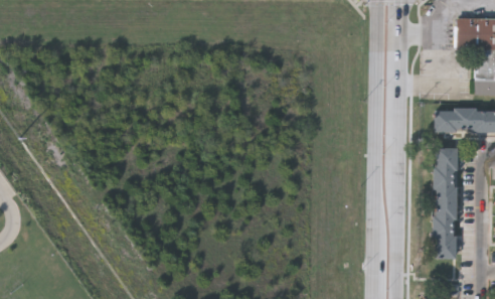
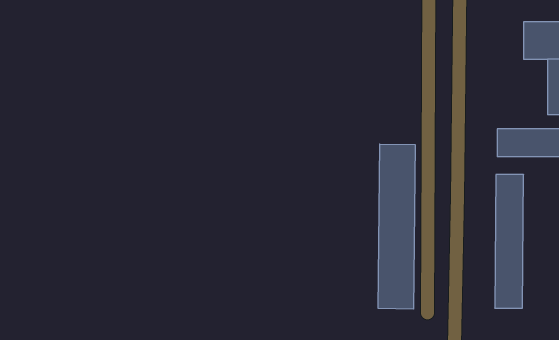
building: none -> [378,144,415,309]

